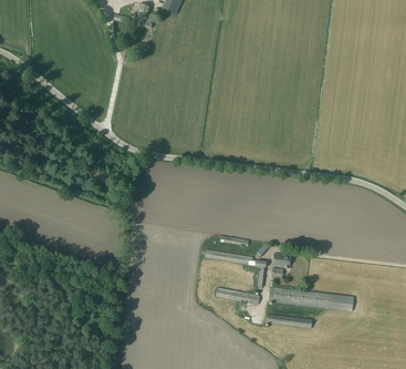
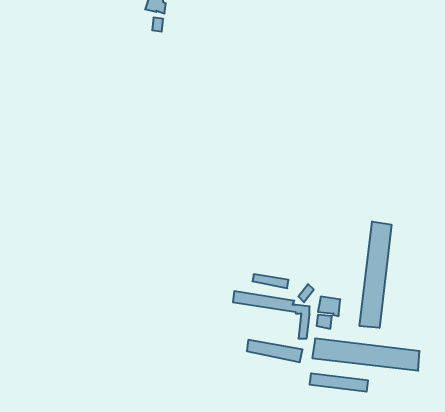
building: none -> [360,221,391,328]

